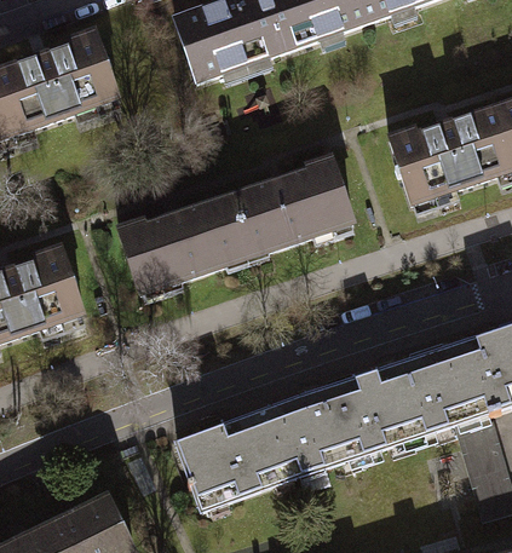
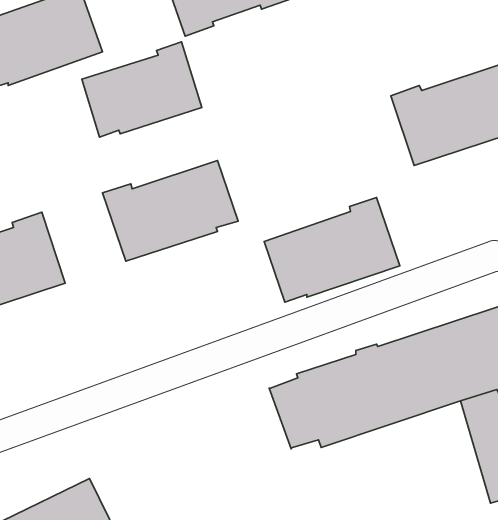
building: none -> [82,42,202,137]
building: [226,156,353,254] -> [264,197,400,302]
building: [178,407,299,509] -> none

